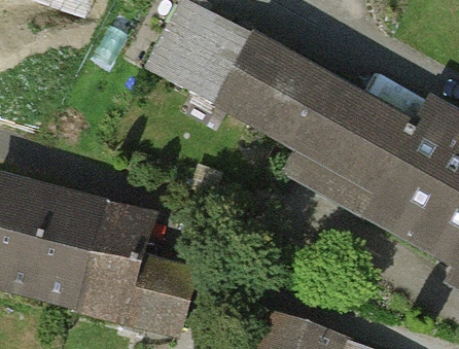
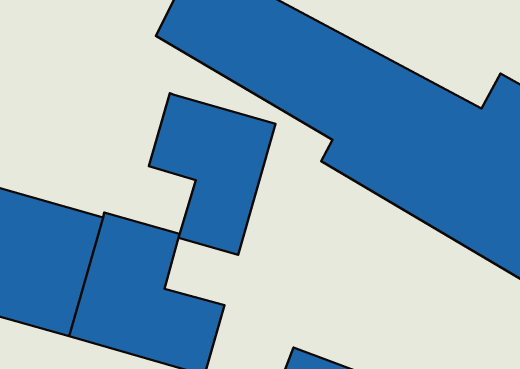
building: none -> [149,93,276,255]

